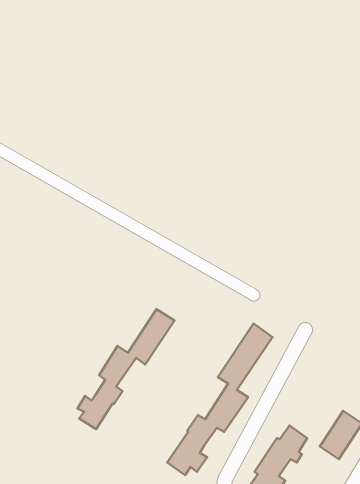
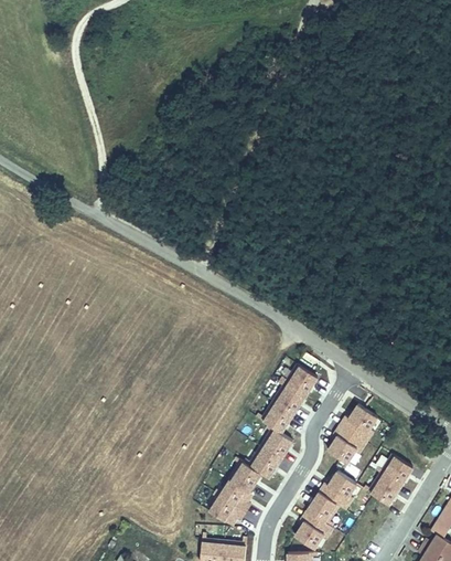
building: [77,309,174,429] -> none
building: none -> [330,404,380,463]

